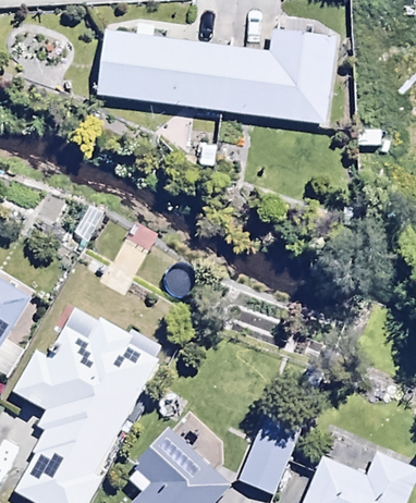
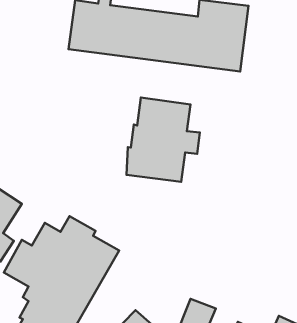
building: none -> [127,98,200,182]

